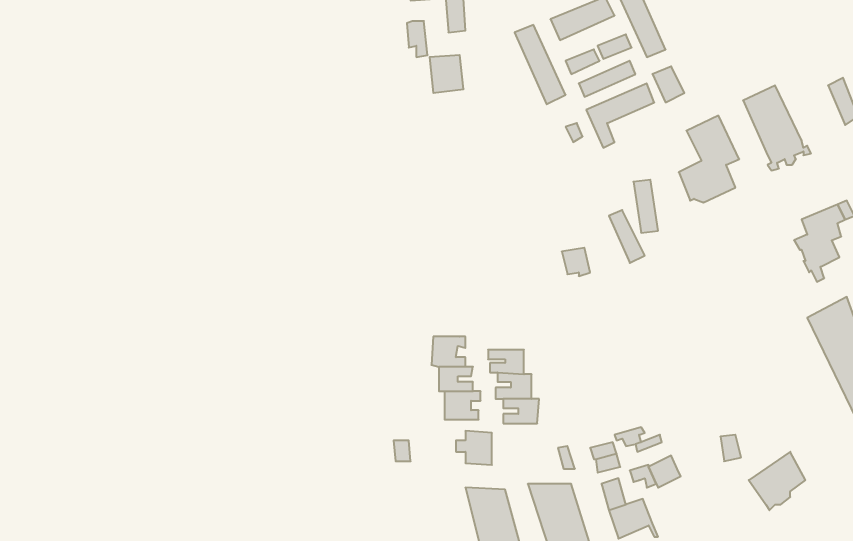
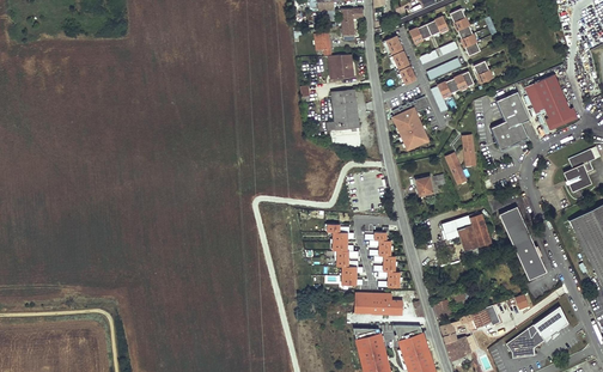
building: none -> [331,90,359,129]
building: none -> [391,106,430,152]
building: none -> [498,206,547,279]
building: none -> [443,213,492,251]
building: none -> [371,291,402,313]
building: none -> [506,323,544,356]

